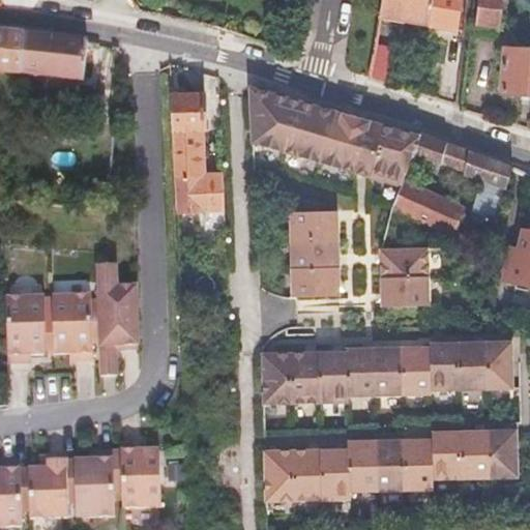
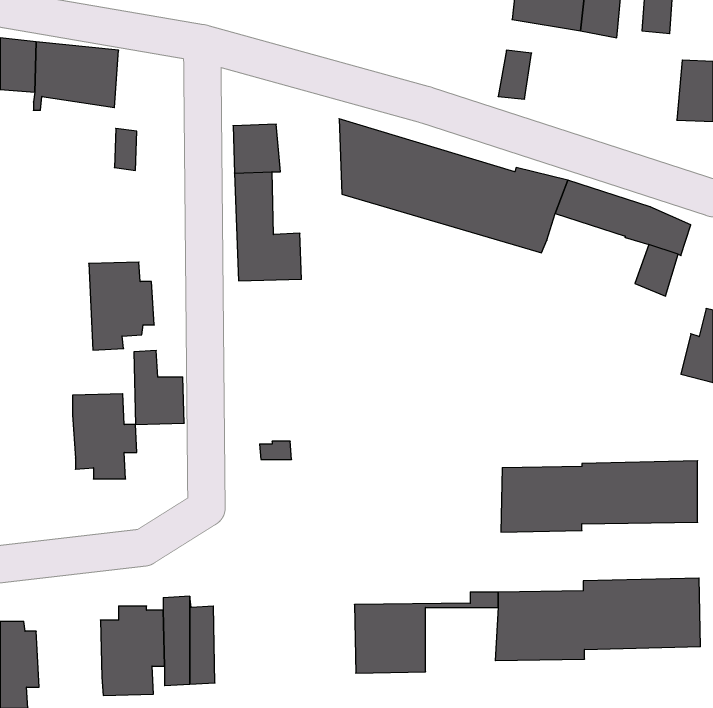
building: [395,178,466,237] -> none
building: [289,211,340,298] -> none
building: [382,251,431,306] -> none
building: [7,293,56,358] -> [89,262,154,350]
building: [100,314,138,370] -> none
building: [261,347,373,402] -> none
building: [316,450,370,498] -> none
building: [27,454,76,518] -> none

